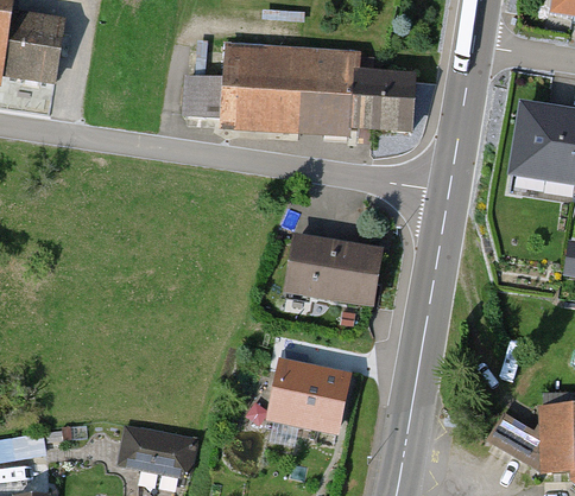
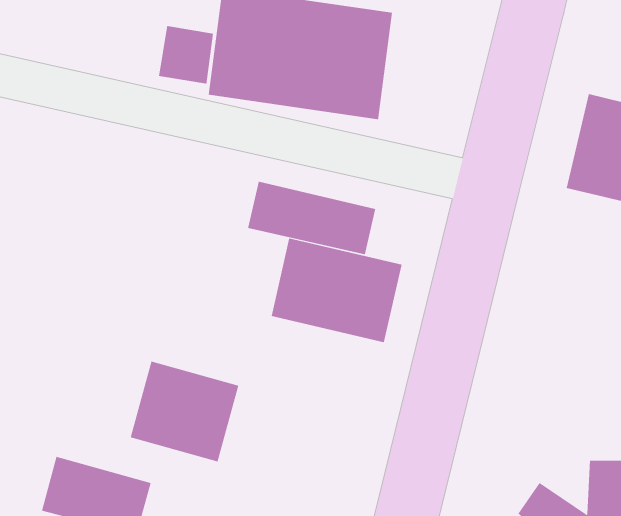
building: [359,71,421,134] -> none
building: none -> [247,181,376,255]
building: [267,360,350,435] -> [130,361,239,462]

